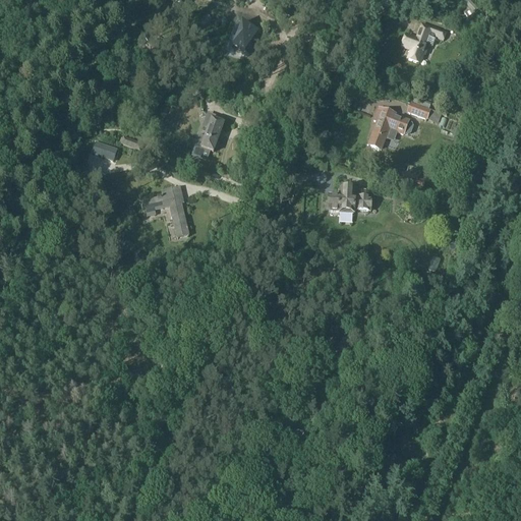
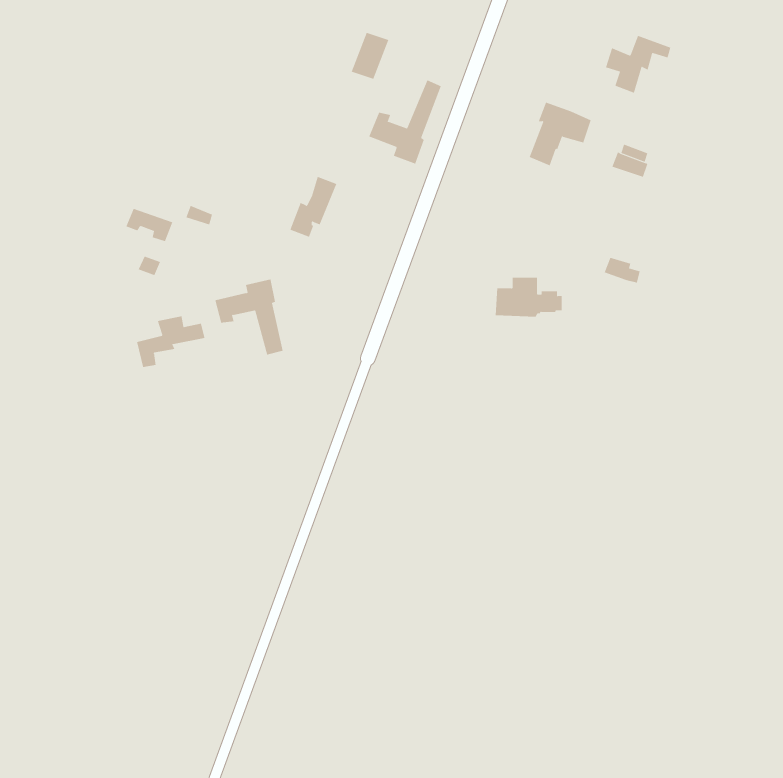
building: none -> [369,79,441,165]
building: [367,106,409,149] -> [529,102,591,166]
building: none -> [137,316,205,368]

